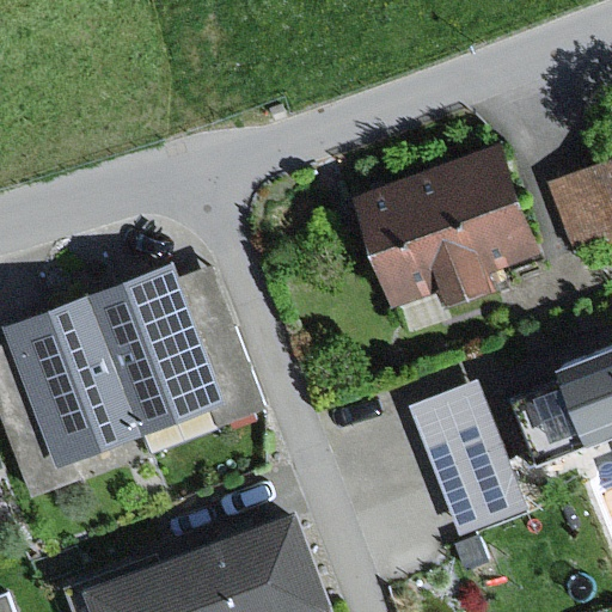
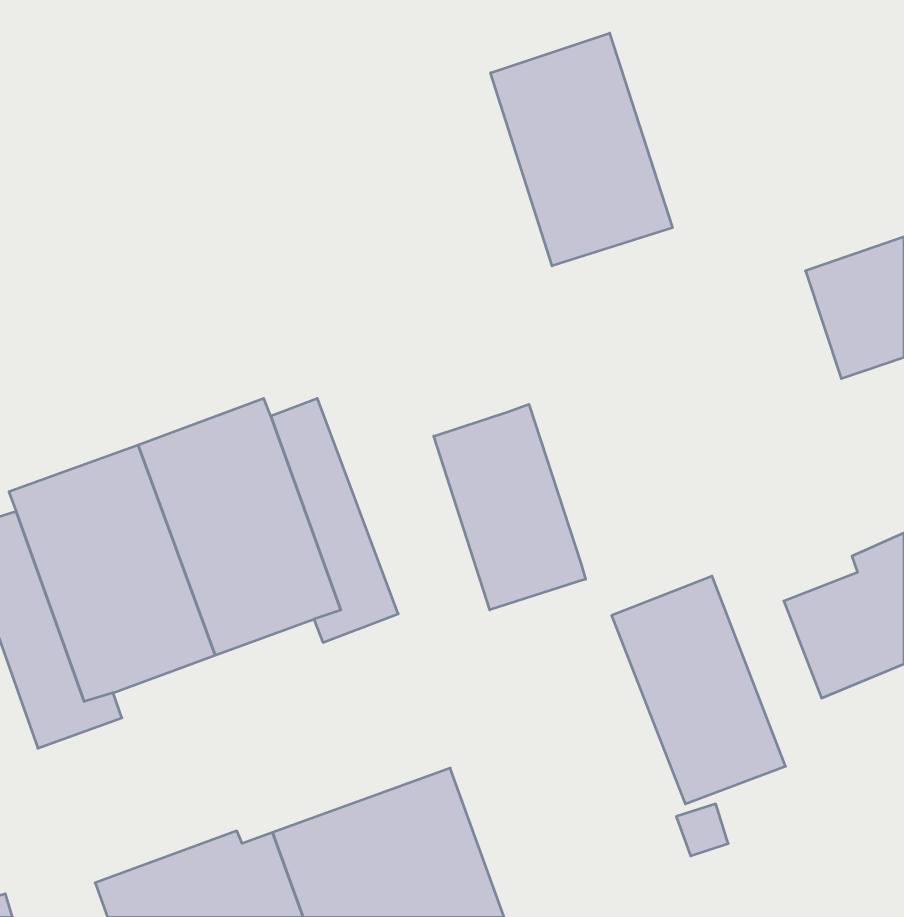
building: none -> [491,33,672,266]
building: [359,145,543,310] -> none
building: none -> [434,404,586,610]

